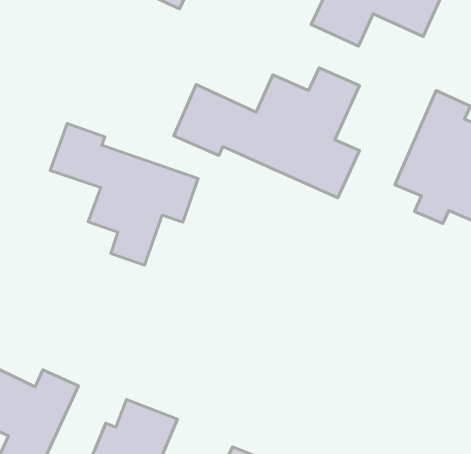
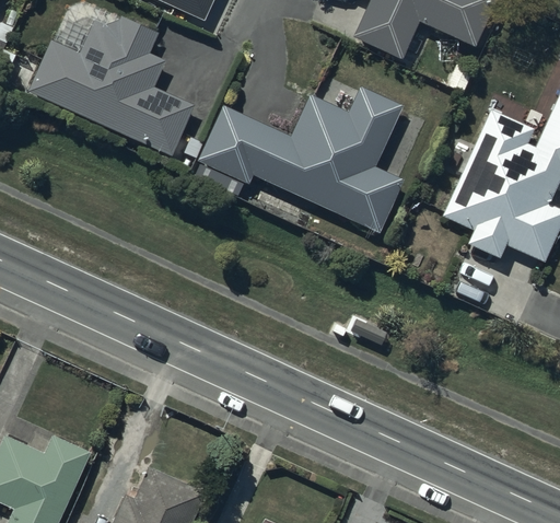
building: none -> [26,18,199,161]
building: [50,123,198,265] -> none

